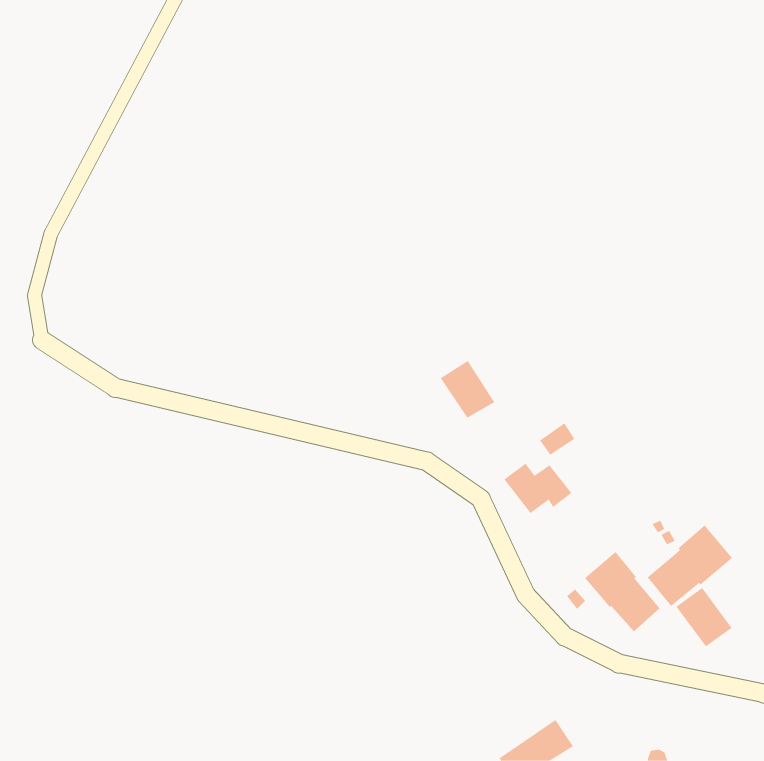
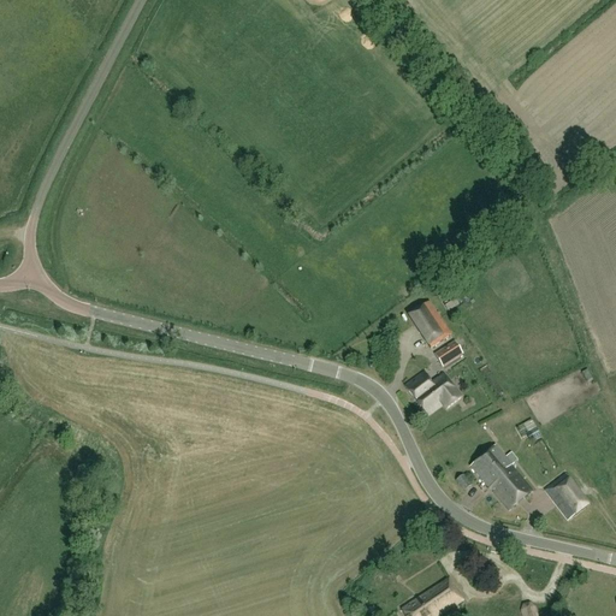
building: [440,360,495,418] -> [405,300,450,346]
building: [647,525,733,607] -> none

